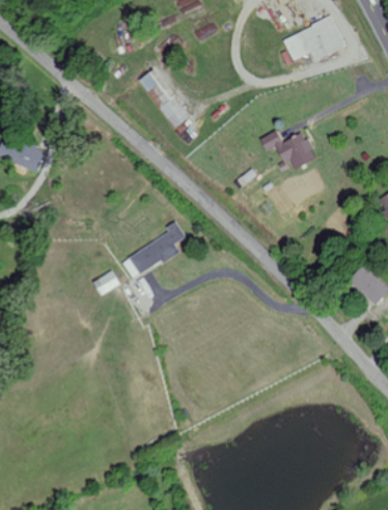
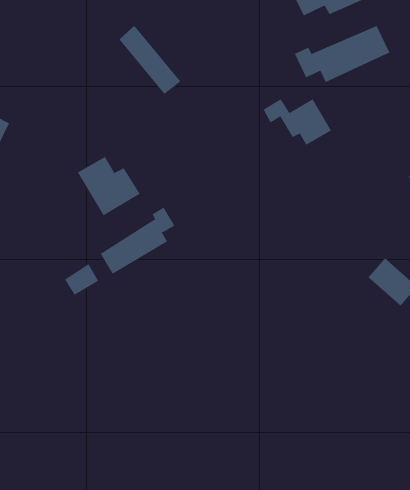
building: none -> [294,25,390,83]
building: none -> [77,156,141,216]

